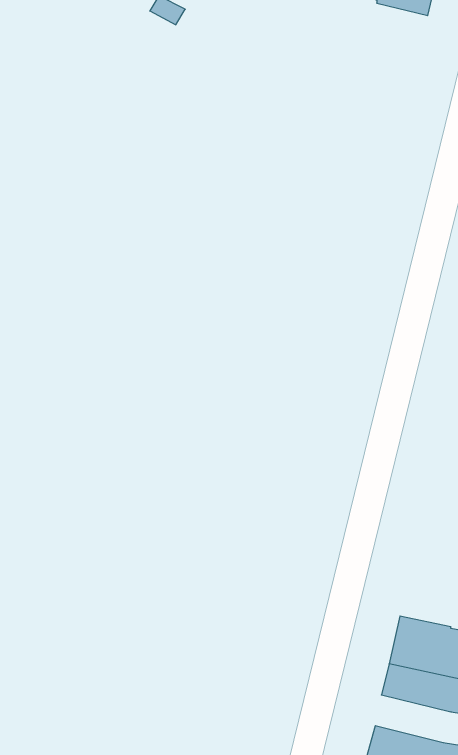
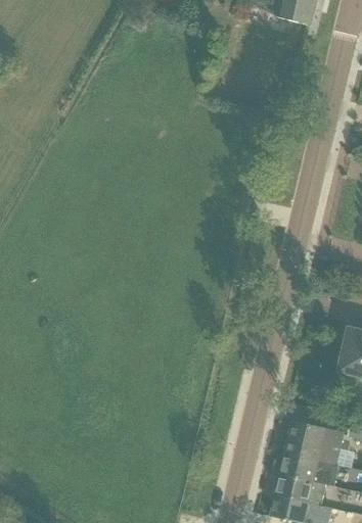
building: none -> [275,473,325,505]

